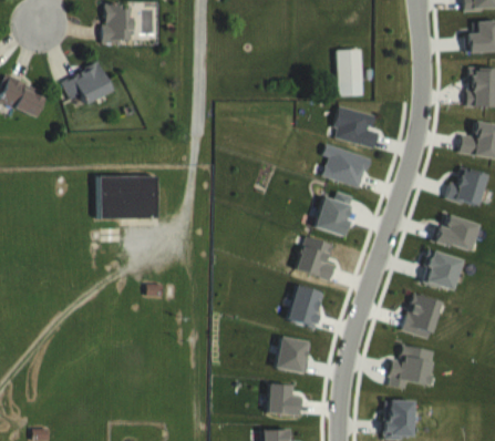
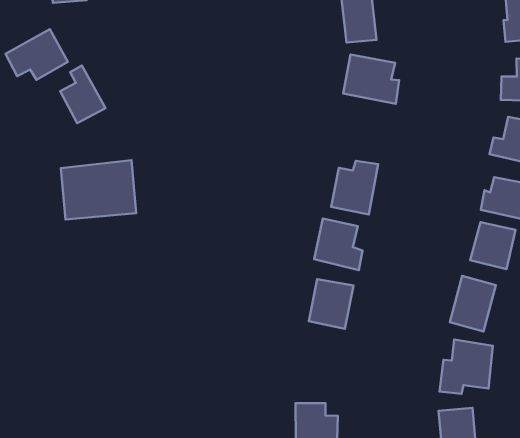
building: none -> [60,66,105,123]
building: [322,143,370,187] -> none
building: [278,337,312,372] -> none

